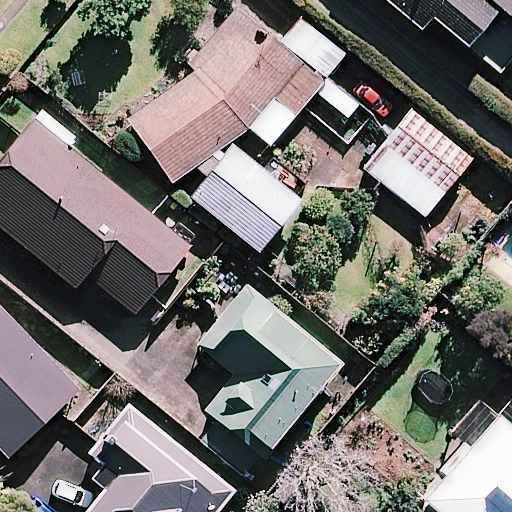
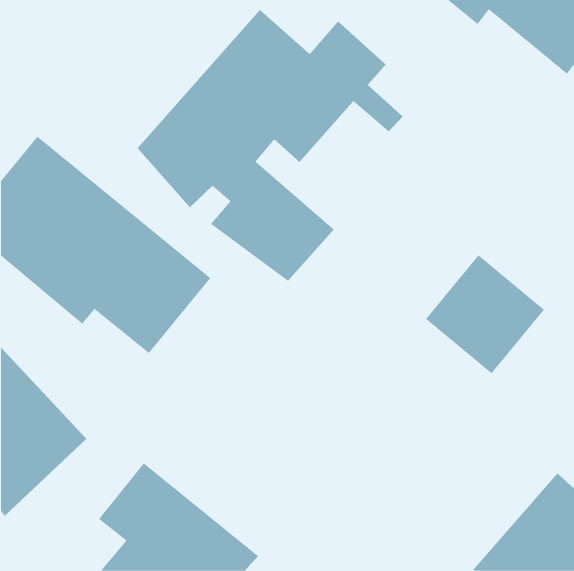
building: [365,110,471,216] -> [425,254,545,374]
building: [201,290,338,459] -> none

